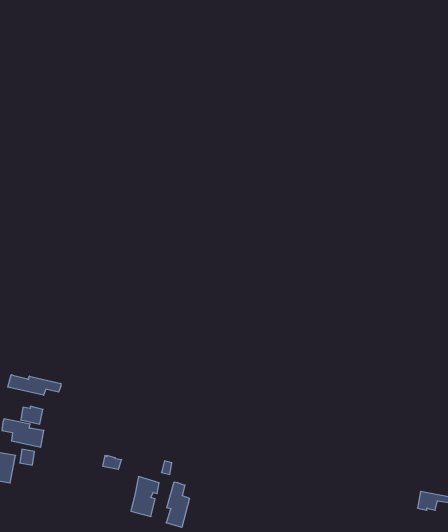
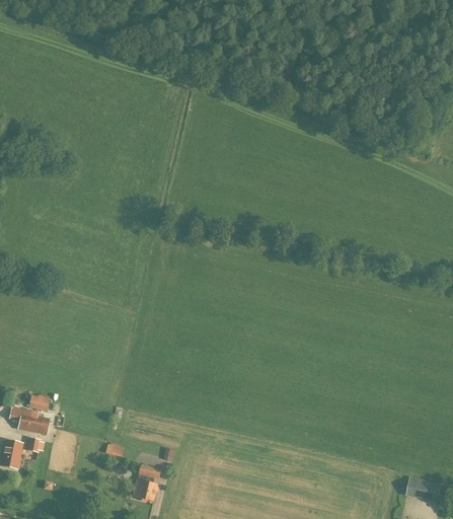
building: [8,375,61,395] -> none
building: [166,482,190,527] -> none

